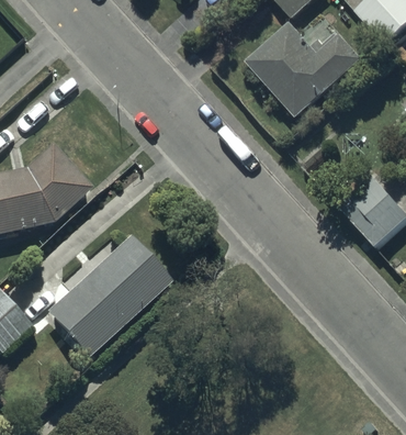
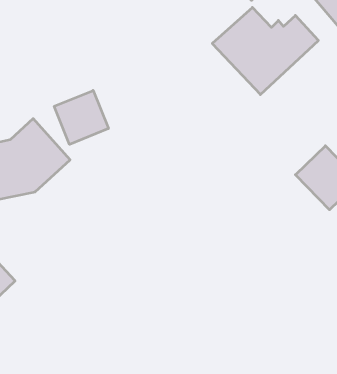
building: none -> [54,90,108,144]
building: [47,235,172,358] -> none

